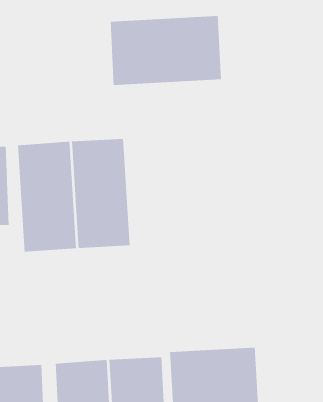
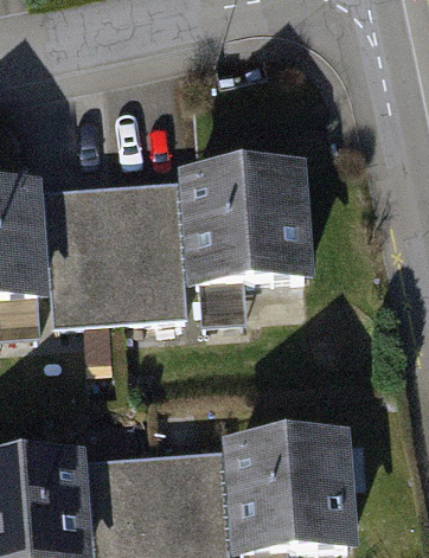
building: [110,15,222,86] -> none
building: none -> [194,174,308,278]

